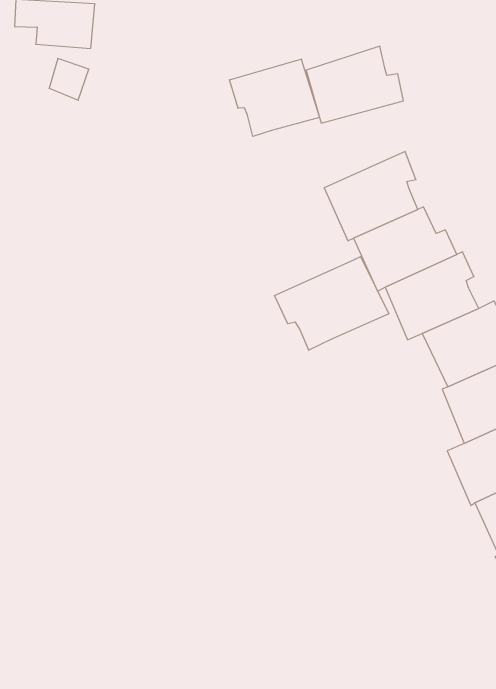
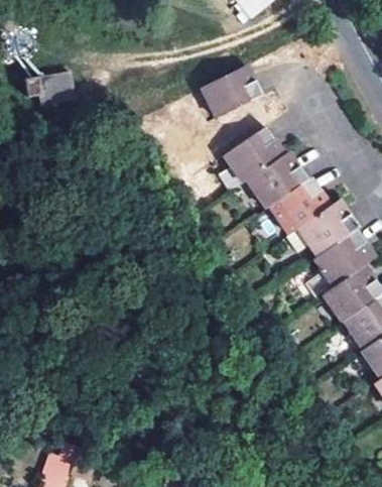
building: [229,59,320,136] -> none
building: [274,257,389,350] -> none

